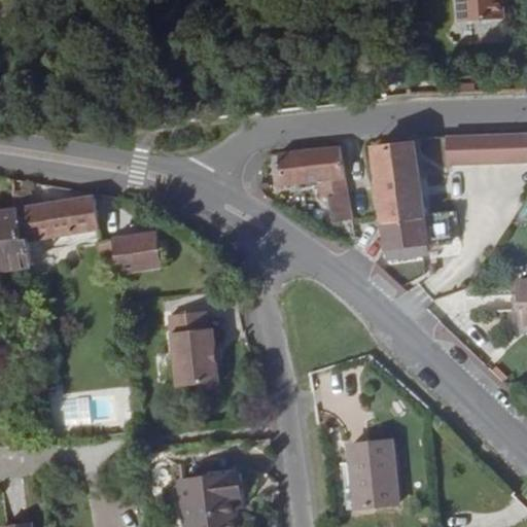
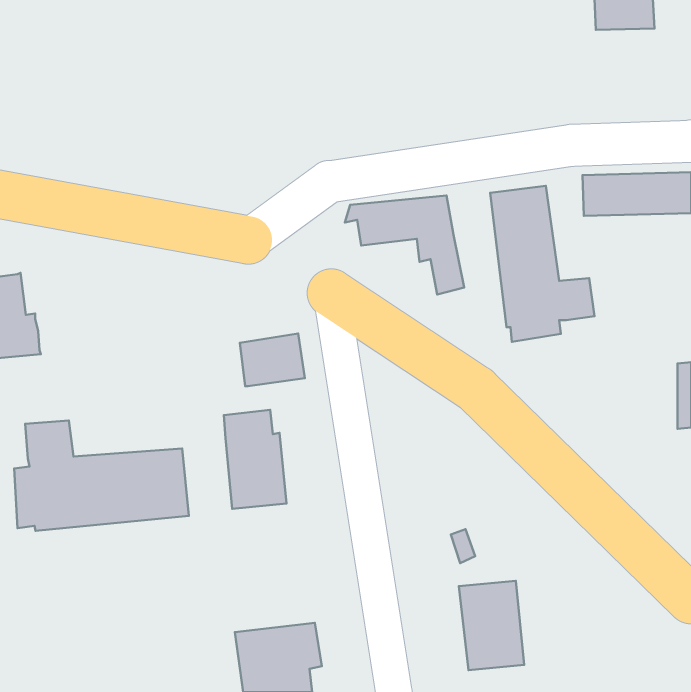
building: [15,195,99,242] -> none
building: [111,232,161,272] -> [240,333,305,386]
building: none -> [14,421,189,531]

